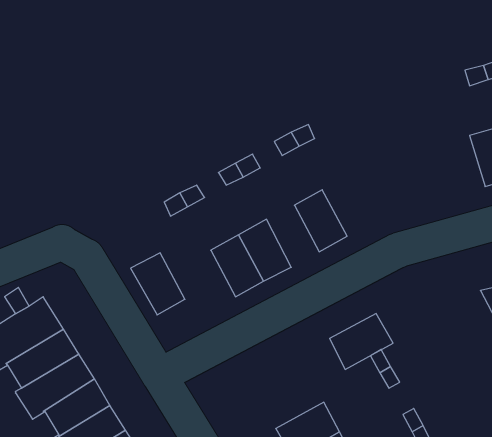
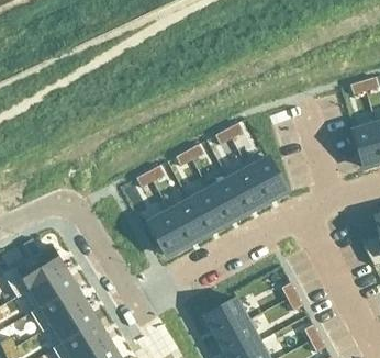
building: none -> [248,158,287,202]
building: none -> [209,180,246,224]
building: [131,253,185,315] -> [148,212,187,256]
building: [330,314,393,369] -> [204,299,249,338]

